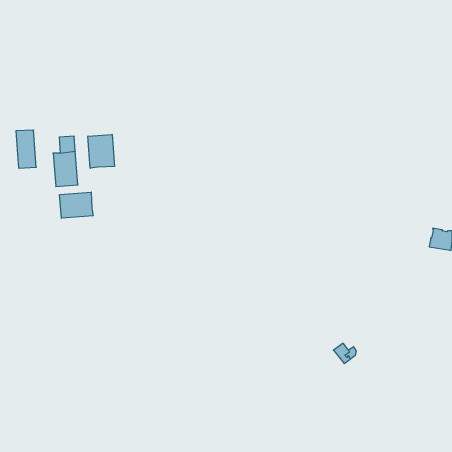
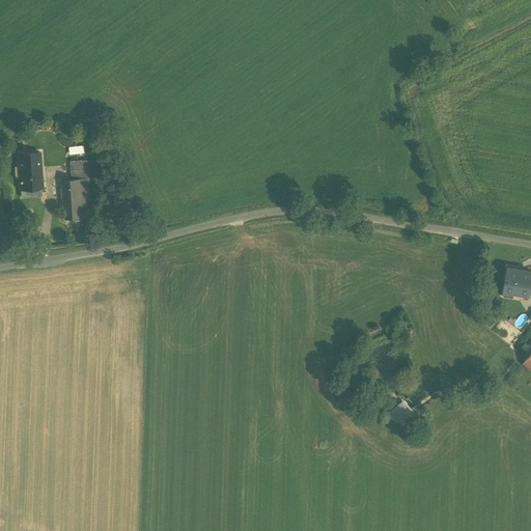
building: [88,134,115,168] -> none
building: [60,192,93,218] -> none

